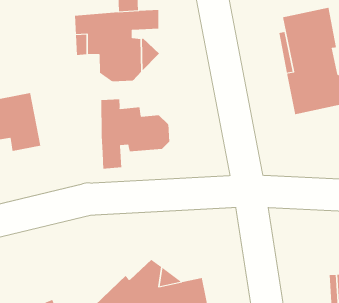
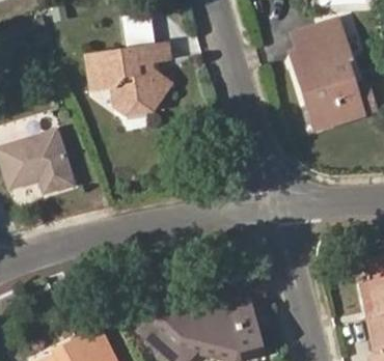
building: [101,99,170,169] -> none

